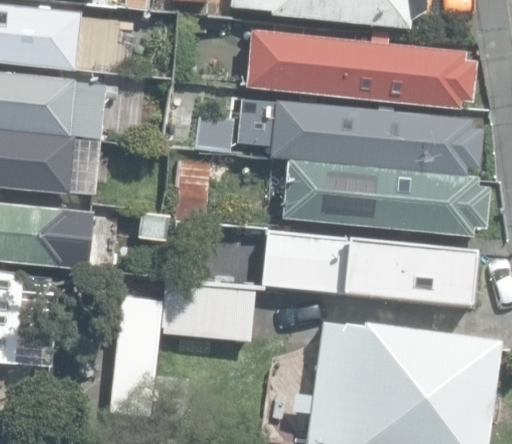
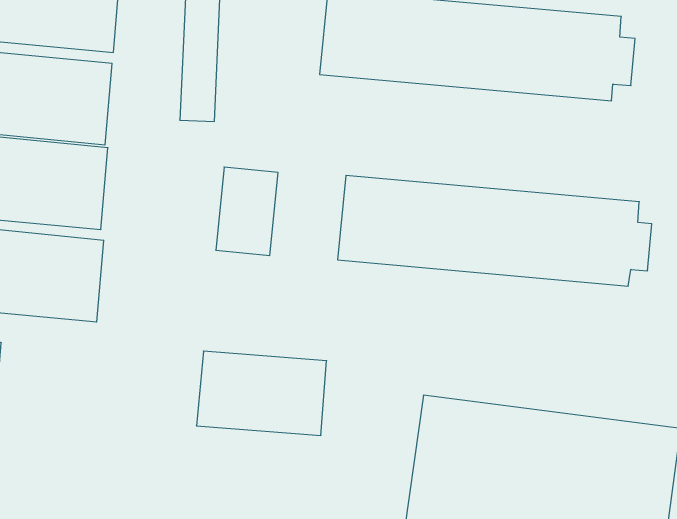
building: [236,95,479,176] -> none
building: [258,231,473,306] -> none

